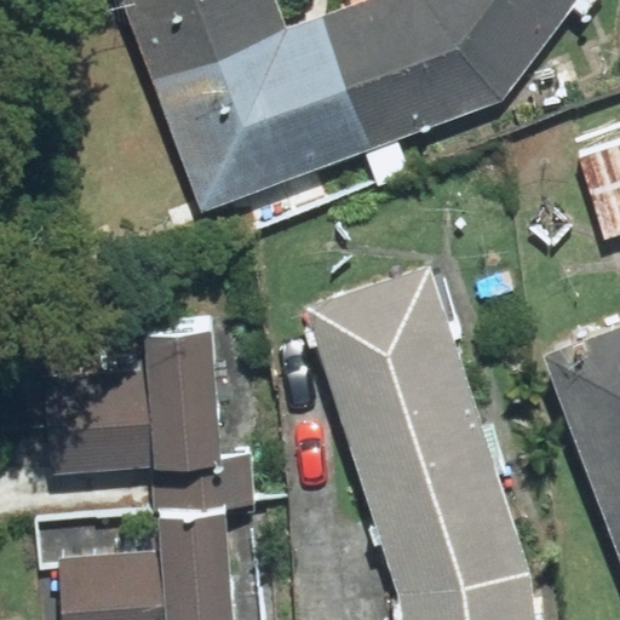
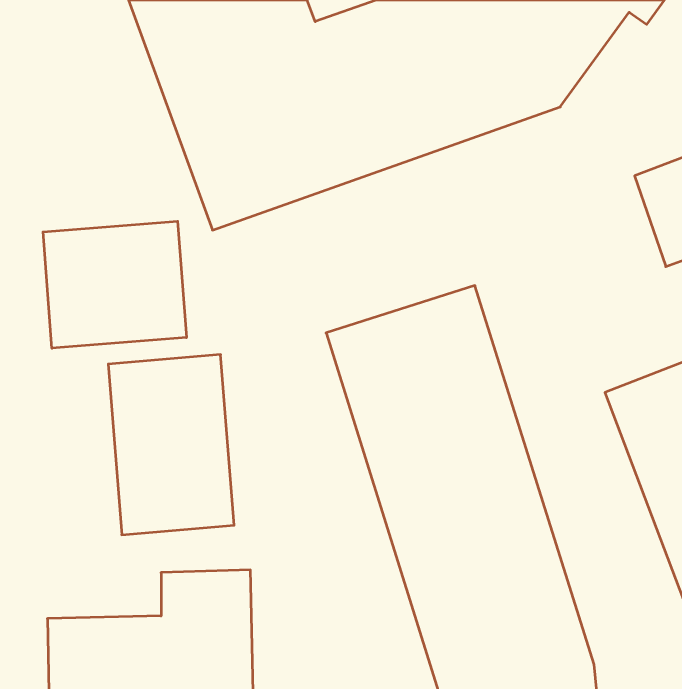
building: none -> [43,221,186,348]

